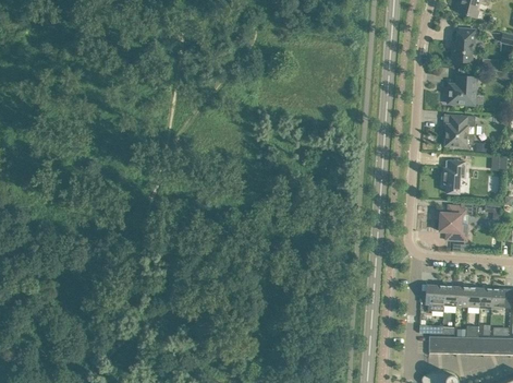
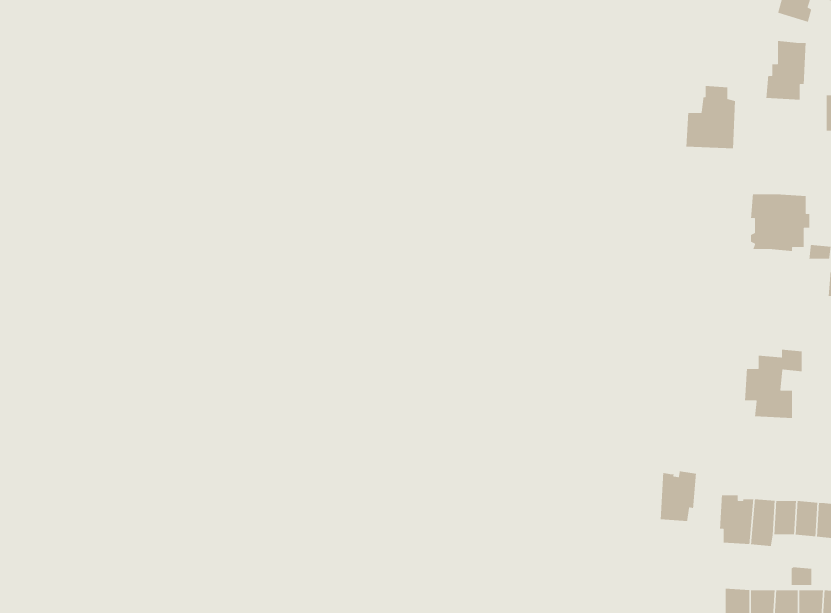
building: [447,69,475,105] -> [685,85,736,149]
building: [441,160,465,194] -> none
building: none -> [660,471,697,522]

